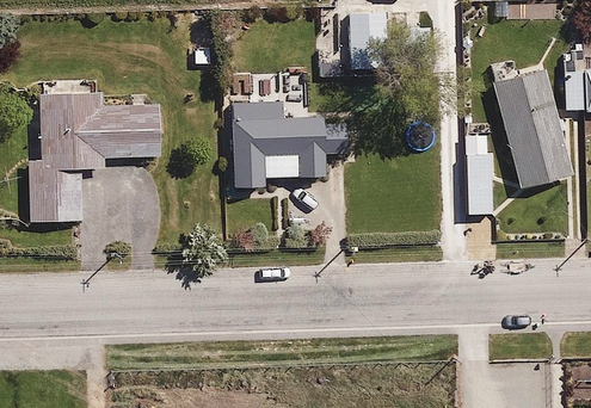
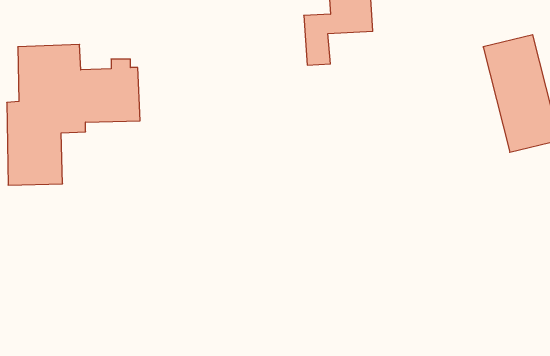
building: [229,101,326,187] -> none
building: [466,153,494,216] -> none

